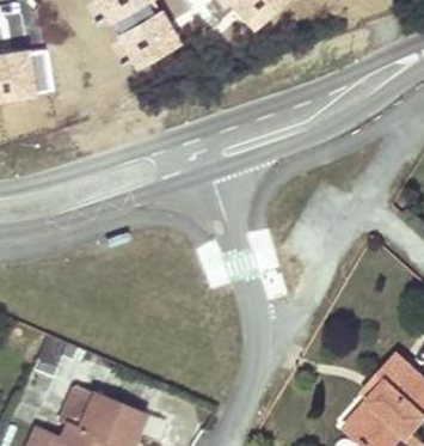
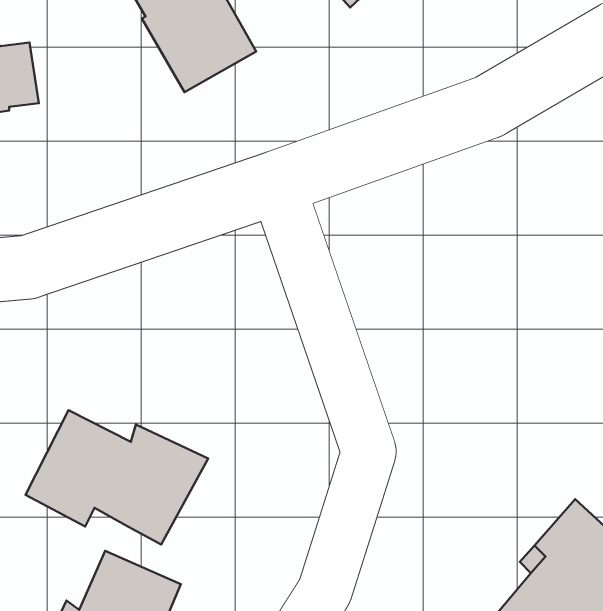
building: none -> [26,410,208,544]

